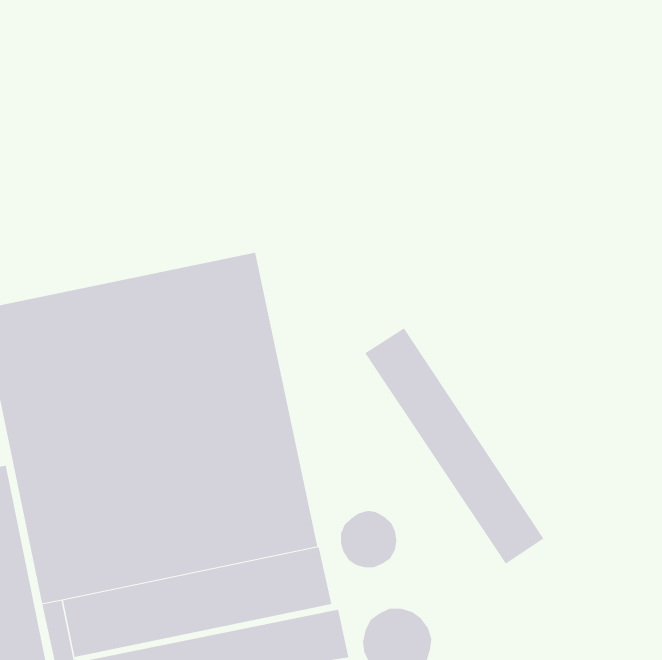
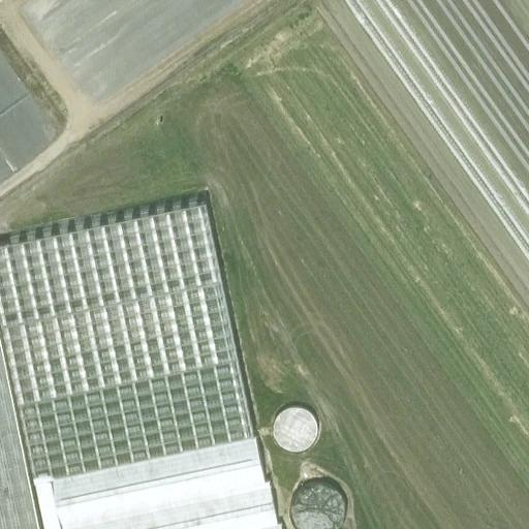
building: [365,327,544,565] -> none

